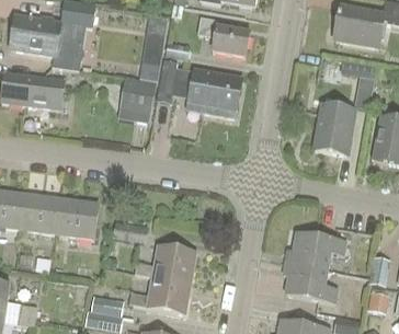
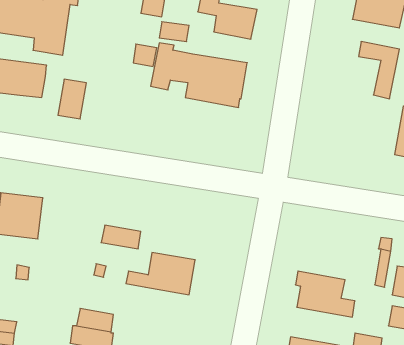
building: [129,77,155,112] -> [58,79,86,119]
building: [314,104,354,153] -> none
building: [56,196,98,238] -> none
building: [286,231,345,268] -> none
building: [128,275,190,312] -> none

